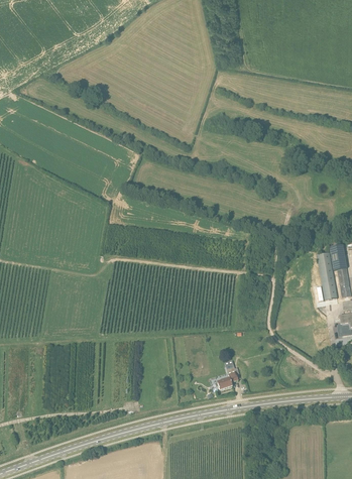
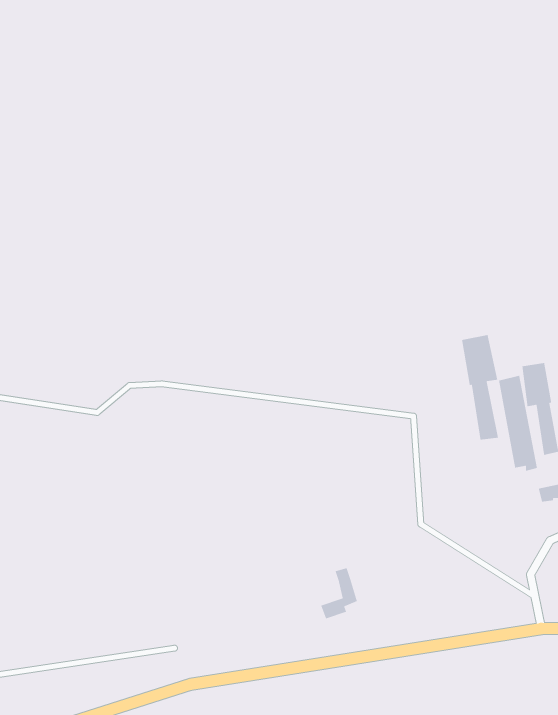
building: none -> [461,334,499,440]

